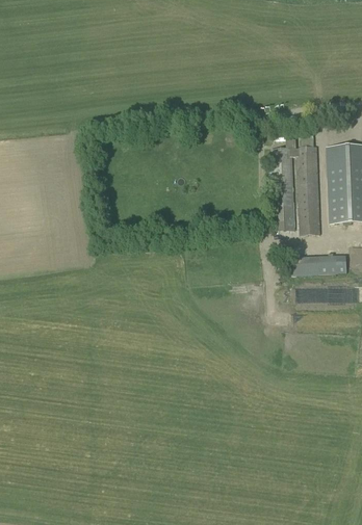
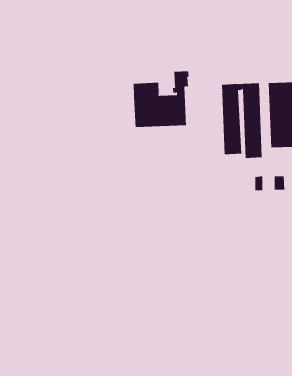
building: none -> [133,71,189,128]

